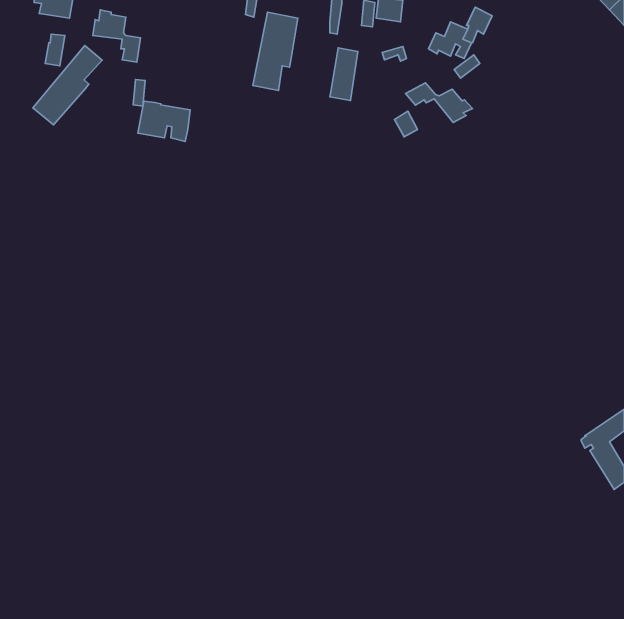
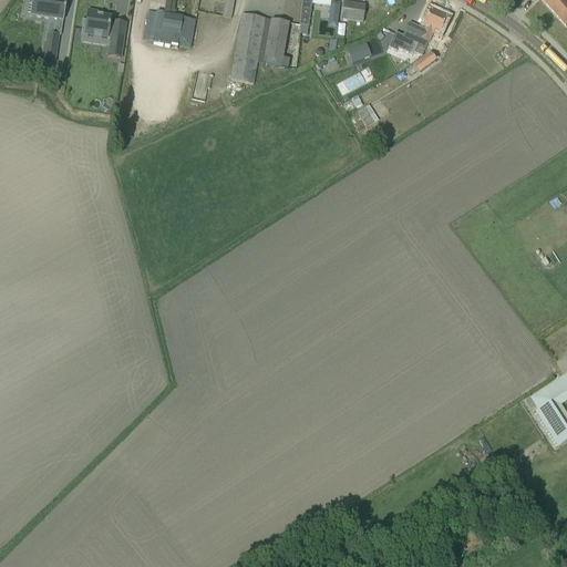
building: [33,45,102,125] -> none
building: [330,48,358,100] -> [262,17,288,64]
building: [405,83,472,123] -> none
building: [138,101,190,142] -> [147,9,195,45]

